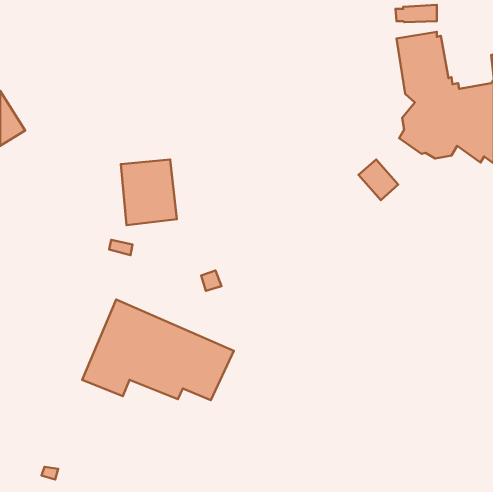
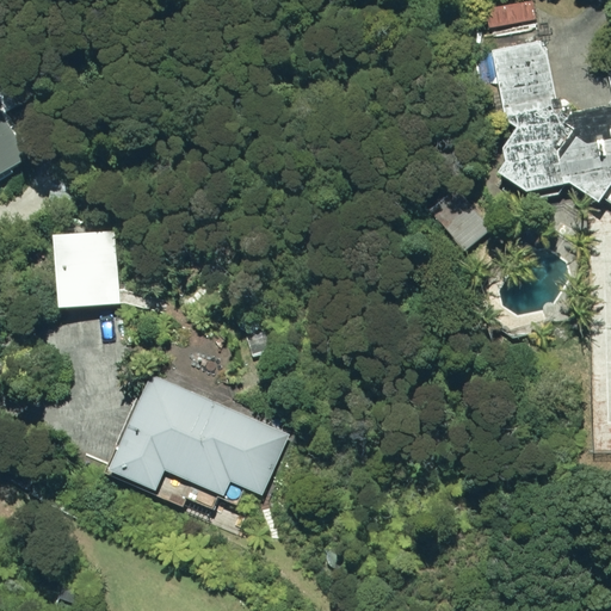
building: [121,159,177,225] -> [55,239,124,320]

